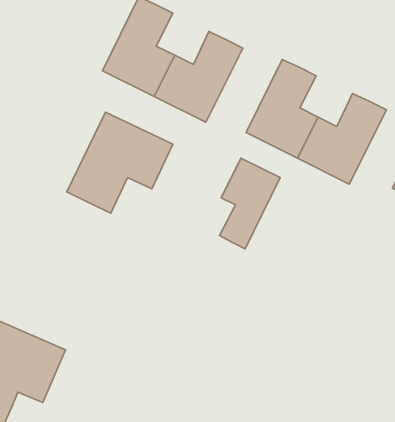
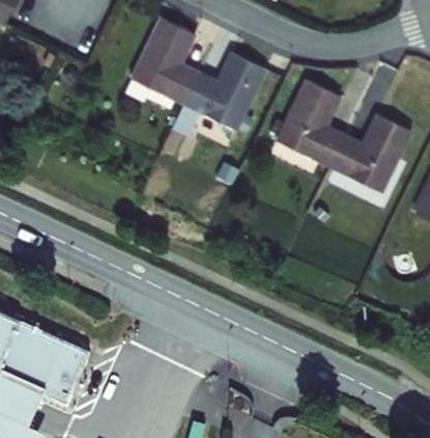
building: [67,112,173,213] -> none
building: [219,158,280,249] -> none

